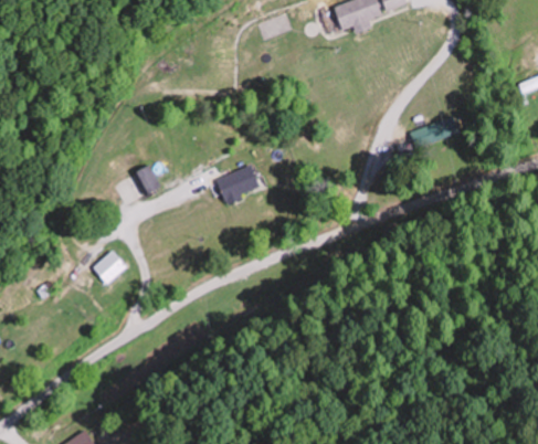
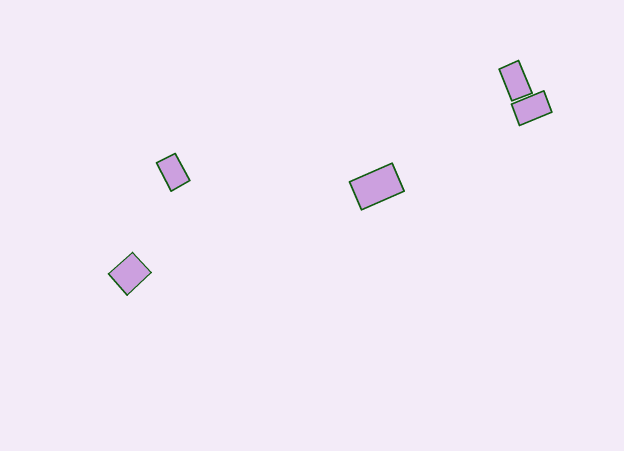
building: none -> [499,60,532,101]
building: [215,163,261,202] -> [350,163,404,210]

